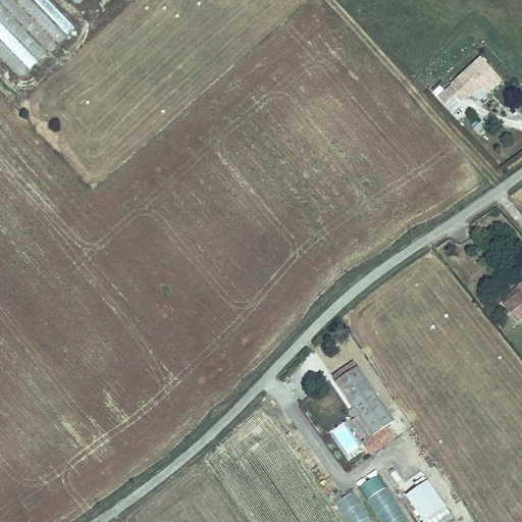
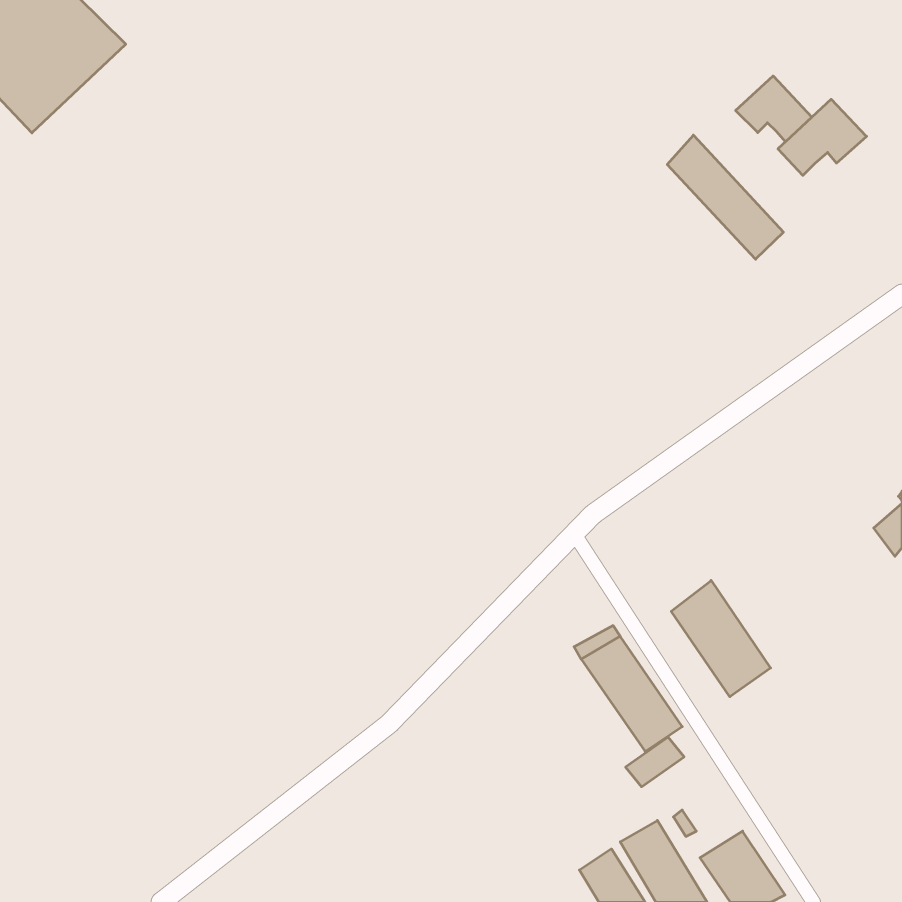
building: none -> [736,76,812,142]
building: none -> [667,135,783,259]
building: none -> [671,580,771,697]

